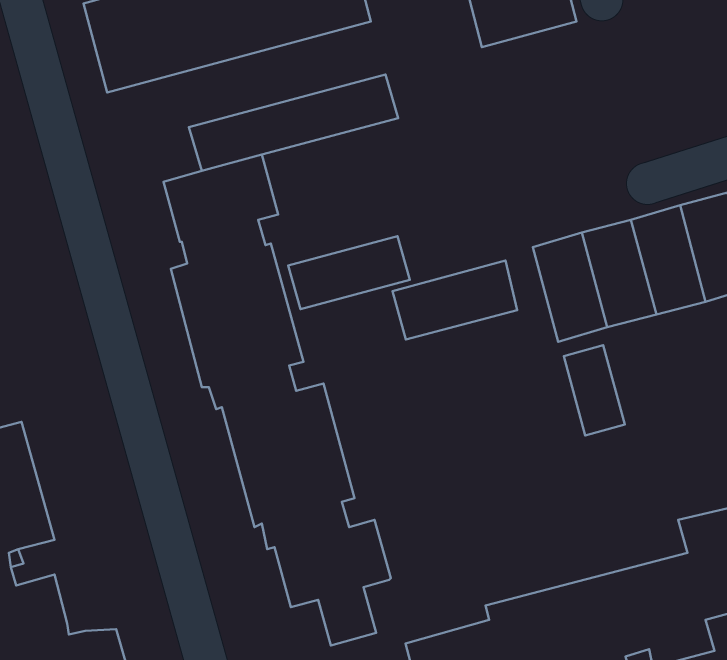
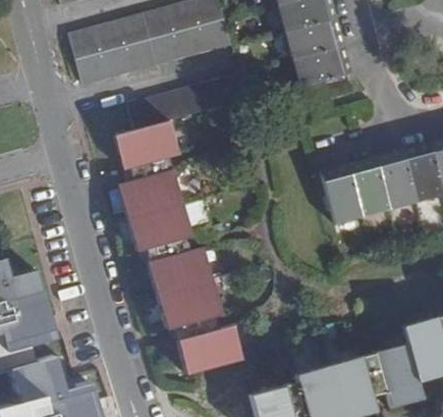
building: none -> [293,46,353,88]
building: [288,236,410,309] -> none
building: [392,261,517,340] -> none
building: [564,345,625,435] -> none

